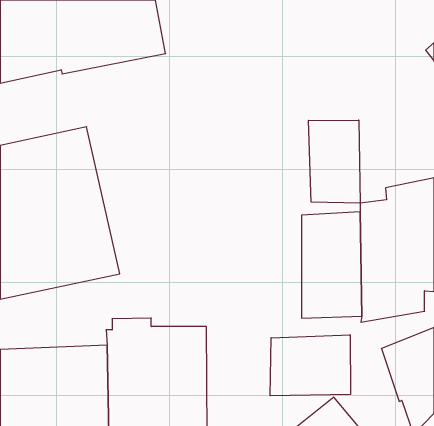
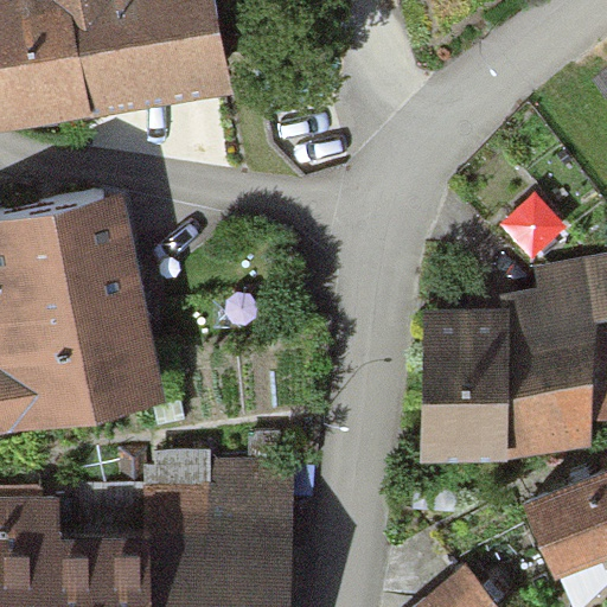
building: [309,120,360,203] -> none
building: [270,335,350,396] -> none

